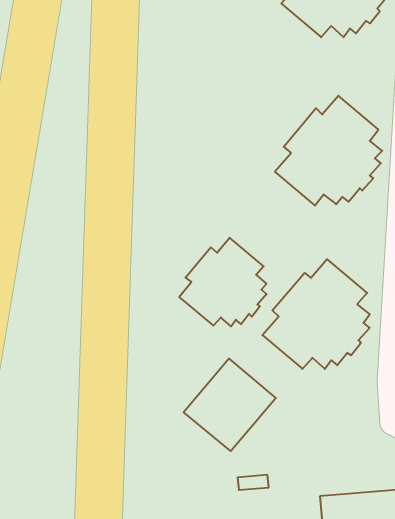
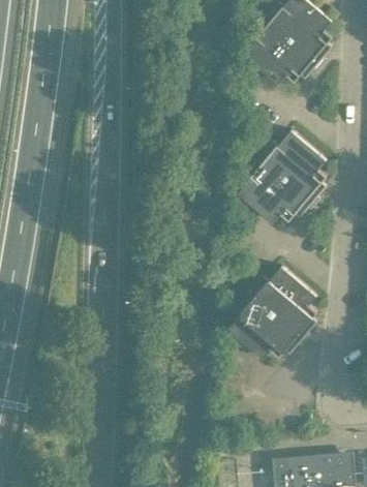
building: [179,238,267,326] -> none
building: [184,358,276,451] -> none

